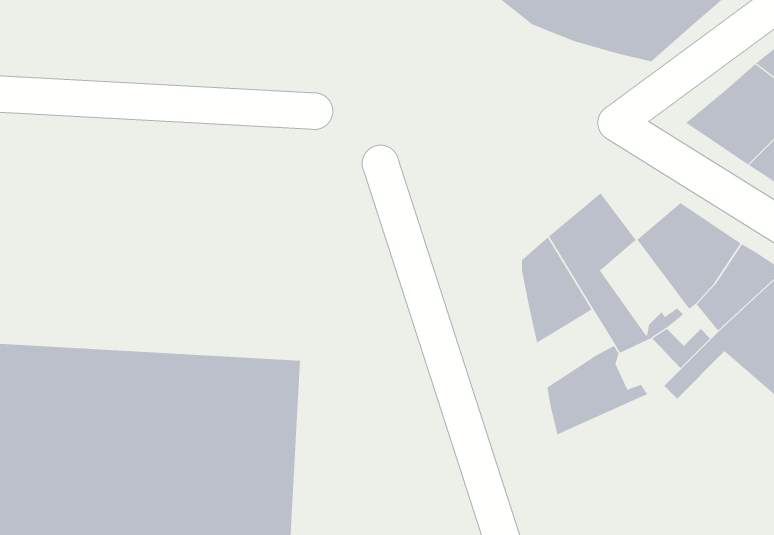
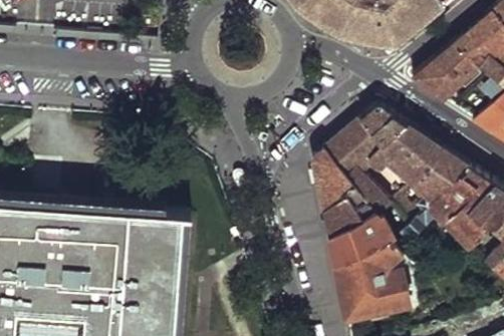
building: none -> [360,106,408,148]
building: none -> [322,190,362,236]
building: none -> [334,240,409,316]

